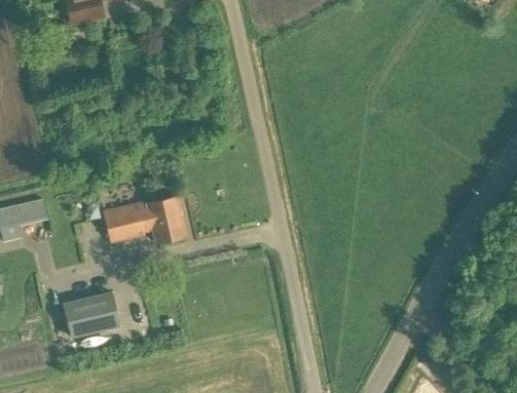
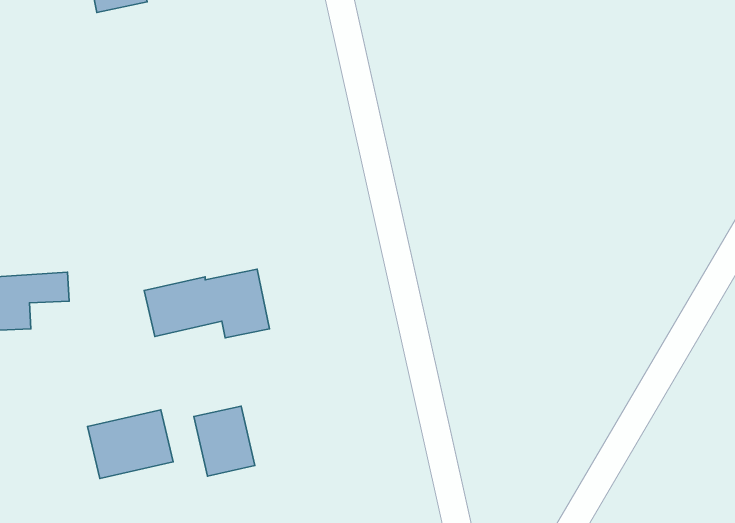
building: none -> [194,406,255,476]

